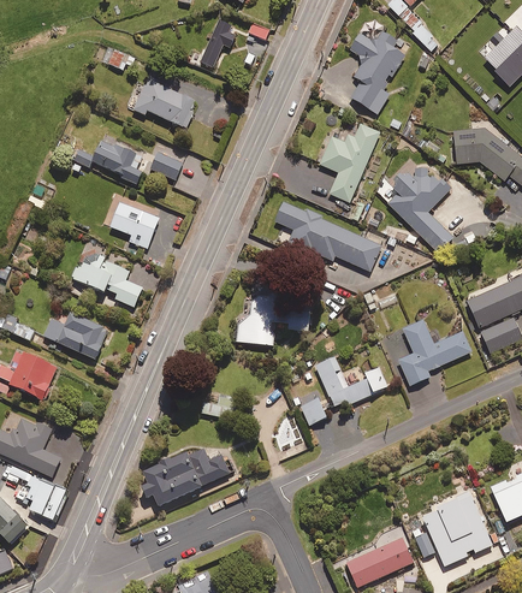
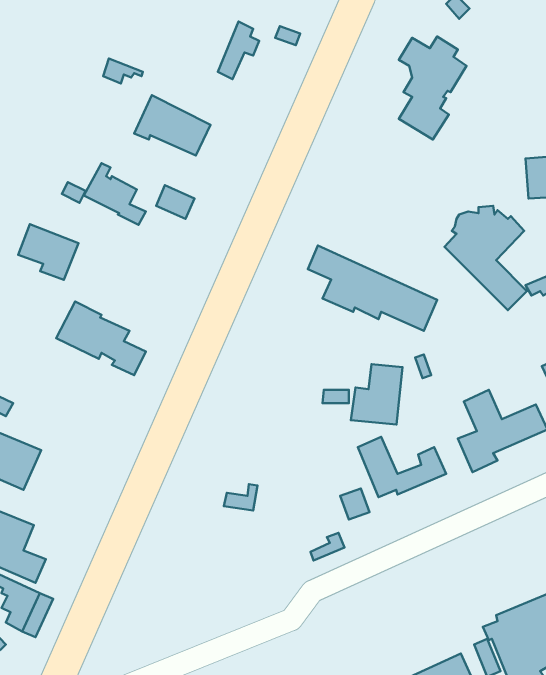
building: [320,124,380,202] -> none
building: [111,202,160,248] -> [18,224,78,280]
building: [236,296,278,345] -> [351,364,402,424]
building: [43,313,102,360] -> none
building: [143,447,231,508] -> none

